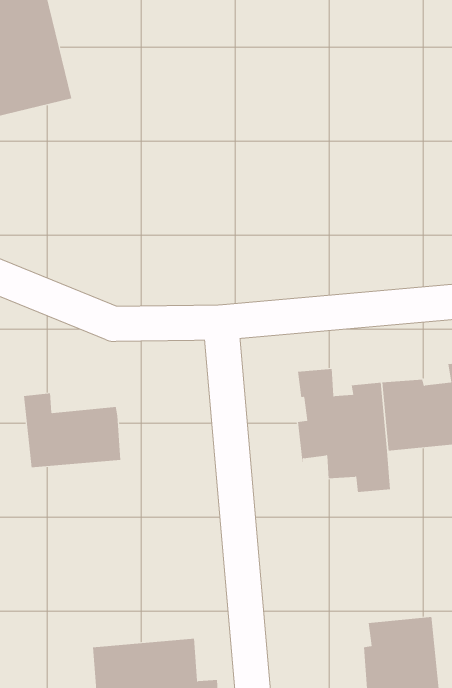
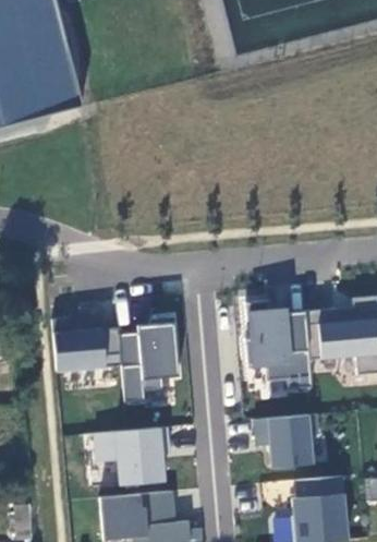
building: none -> [118,316,178,401]
building: none -> [253,413,318,467]
building: none -> [94,427,168,485]

